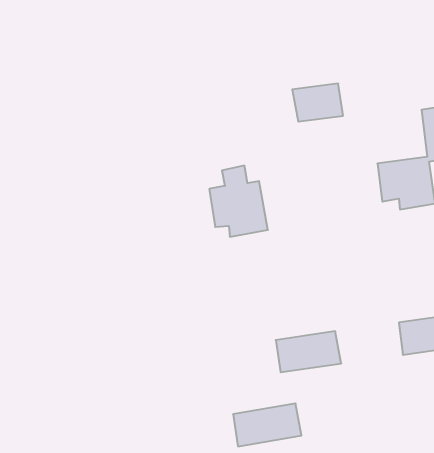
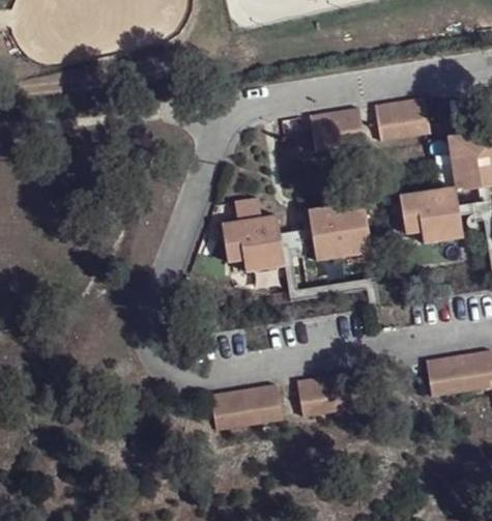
building: none -> [381,99,434,141]
building: none -> [313,184,377,261]
building: [233,403,301,446] -> [210,384,283,430]

